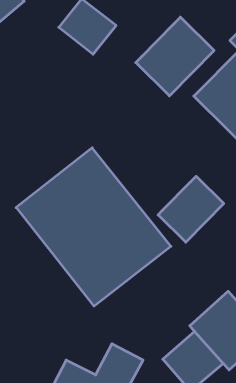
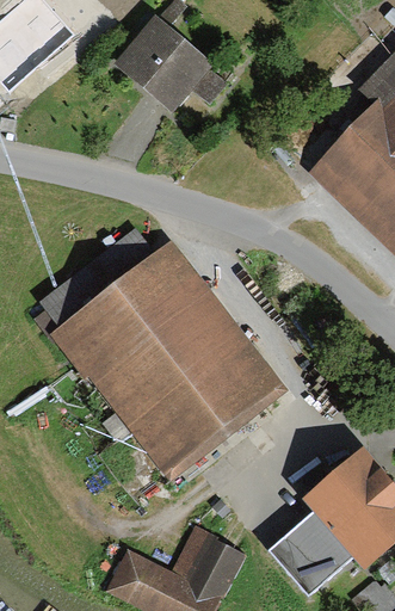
building: [136,17,214,96] -> none
building: [158,176,224,242] -> none

